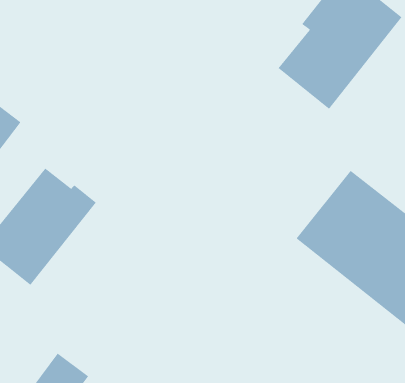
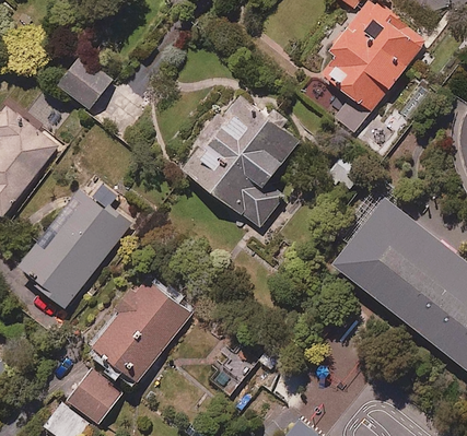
building: none -> [60,57,114,110]
building: none -> [185,97,301,228]
building: none -> [92,278,191,382]

